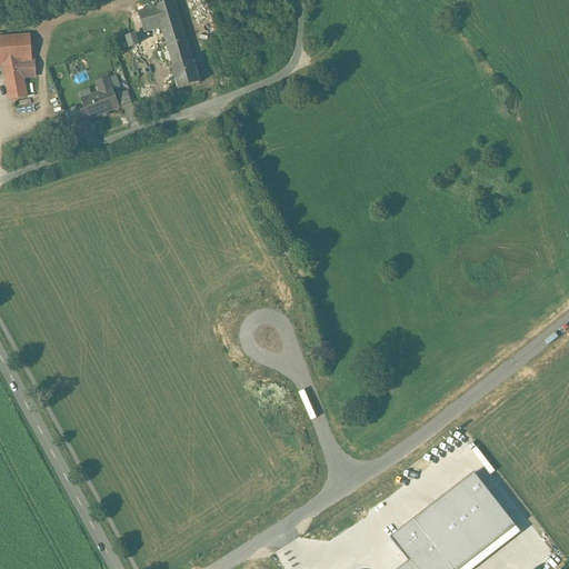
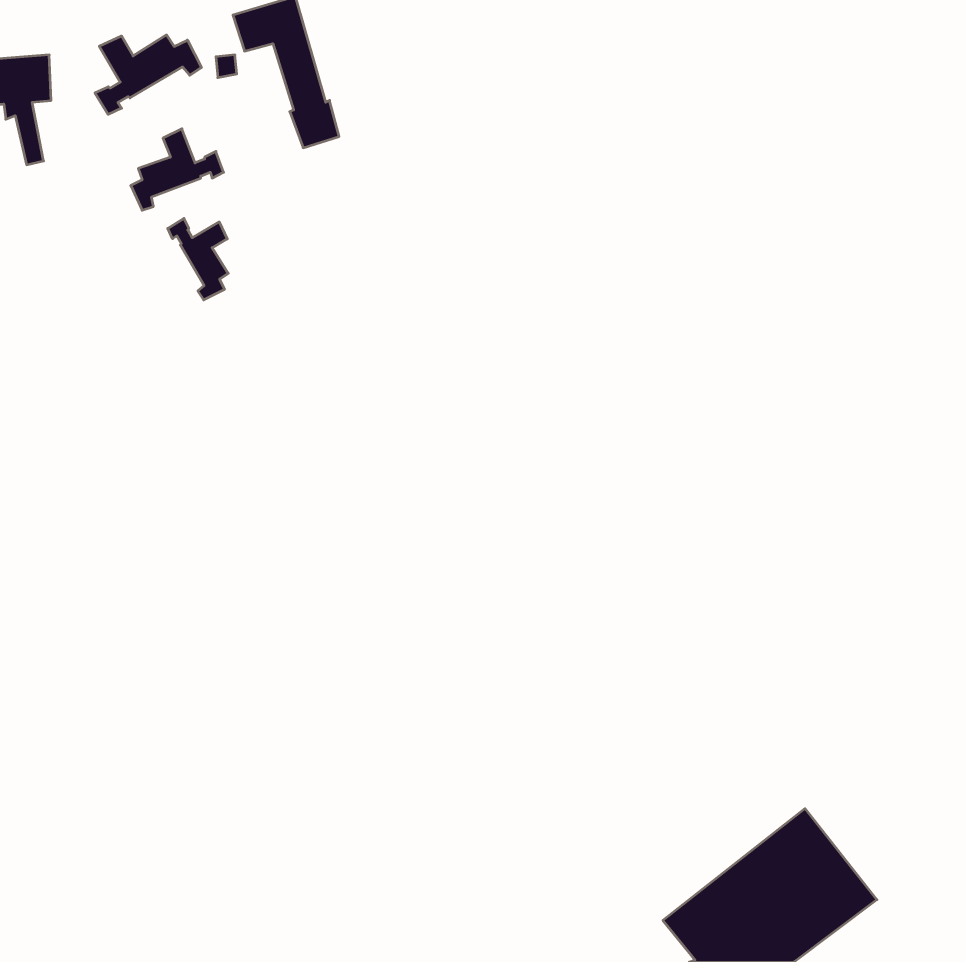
building: none -> [95,35,201,114]
building: none -> [168,218,228,300]

